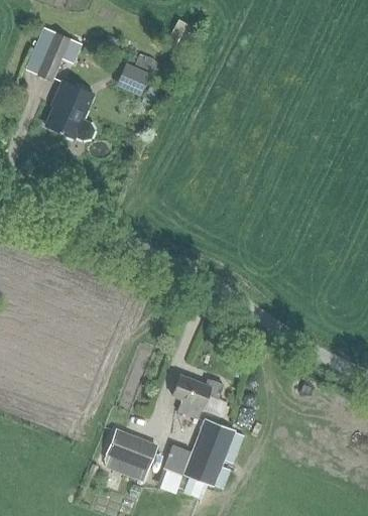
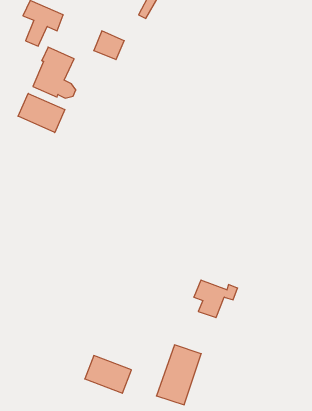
building: none -> [18,93,65,133]
building: [172,375,222,417] -> [194,280,238,318]
building: [164,443,194,474] -> none

